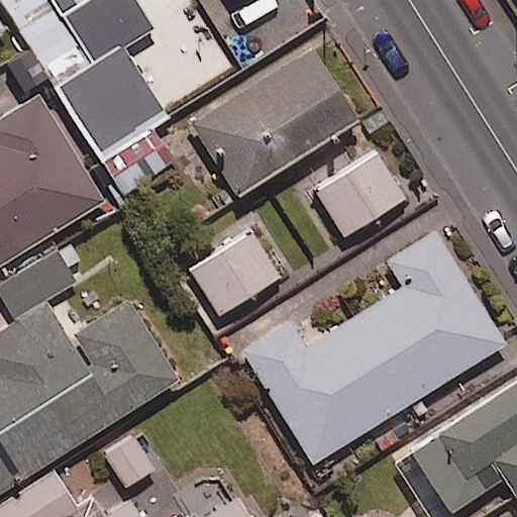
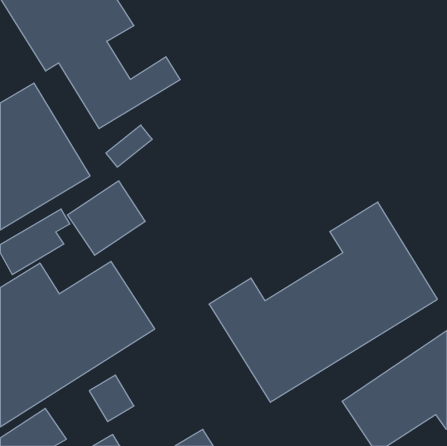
building: [191,48,357,197] -> none
building: [316,153,405,237] -> none
building: [190,230,280,316] -> [67,181,145,255]

